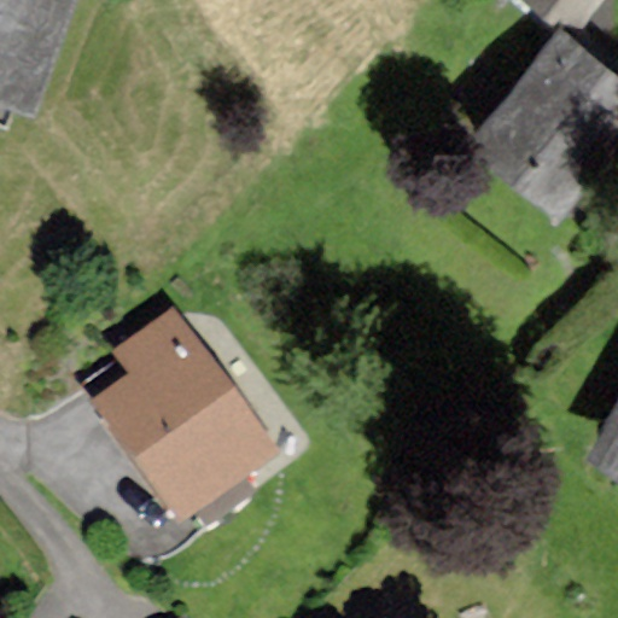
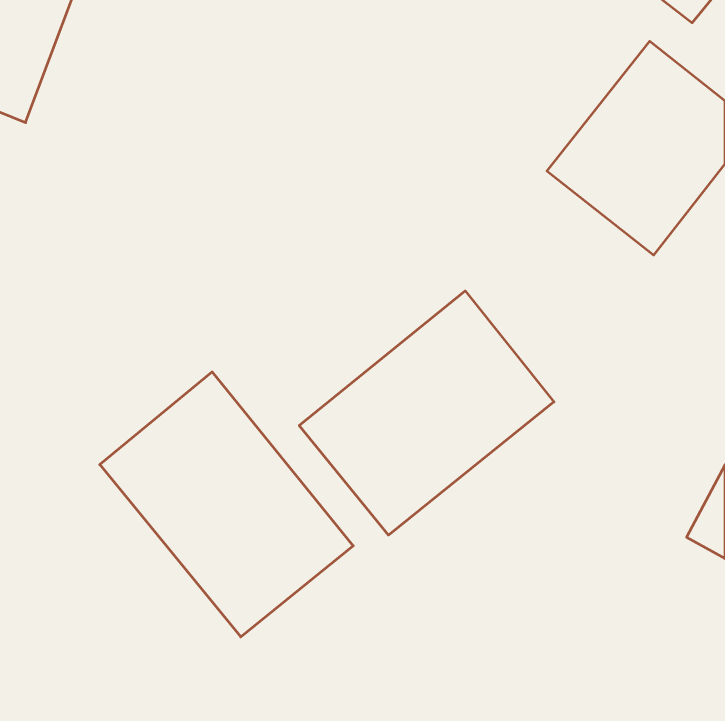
building: none -> [299,291,554,535]

